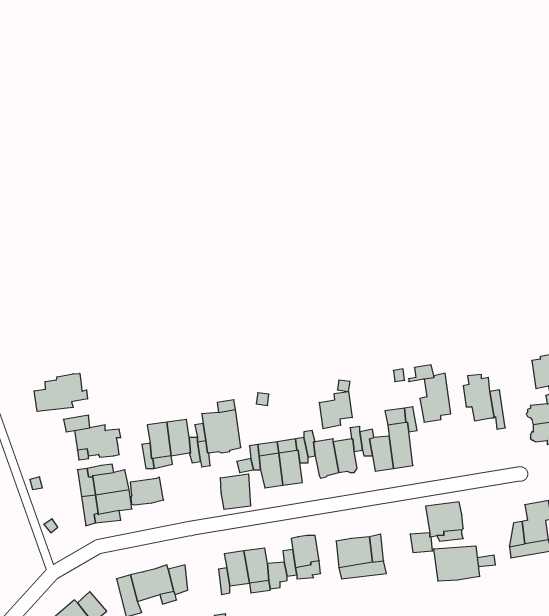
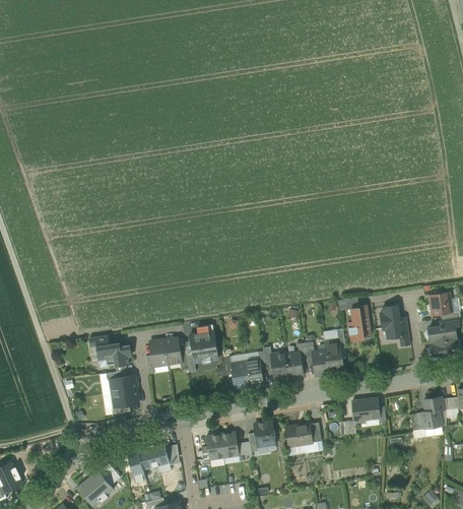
building: [34,373,88,411] -> none
building: [319,391,352,429] -> none
building: [220,474,251,509] -> none
building: [130,477,163,505] -> none
building: [434,546,480,581] -> none

